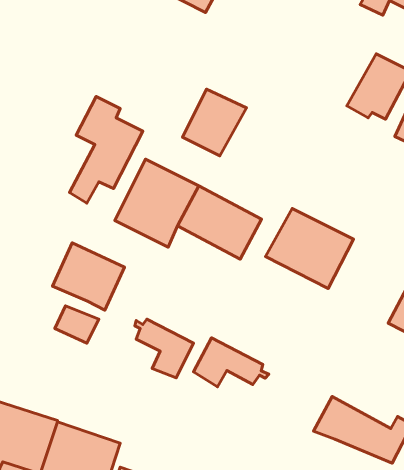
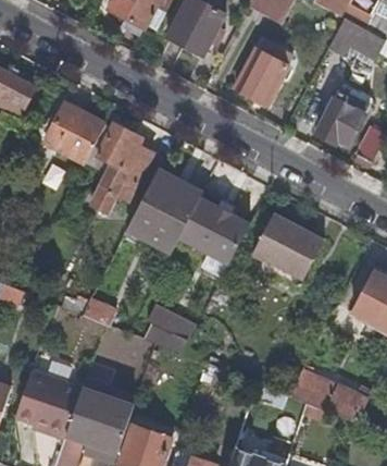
building: none -> [41,102,103,165]
building: [182,89,246,156] -> [237,50,289,105]
building: [52,243,125,310] -> none
building: [193,338,269,387] -> none

